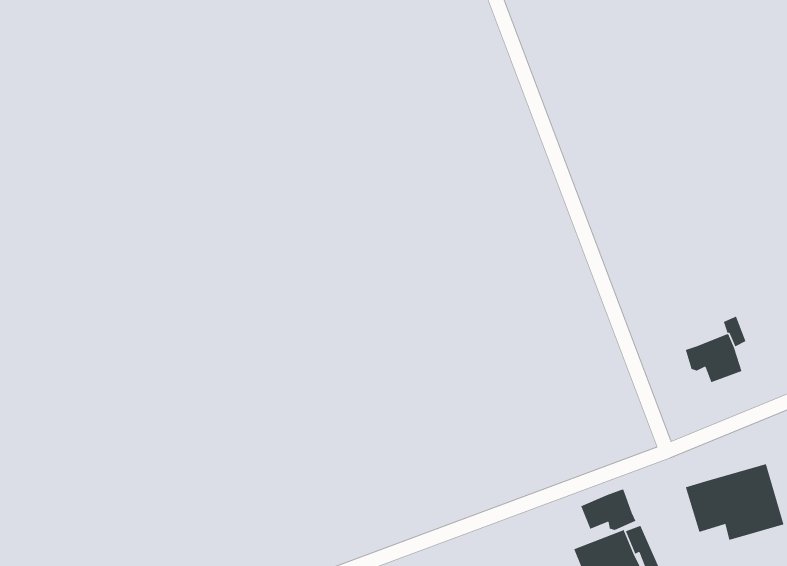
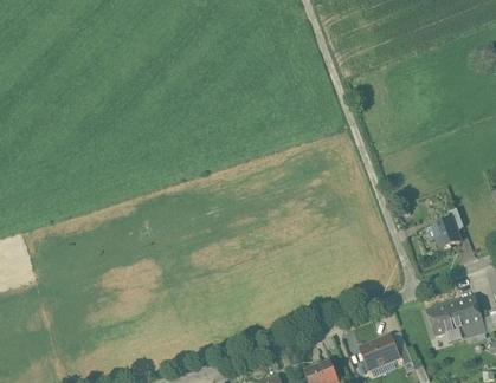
building: [580,488,637,531] -> none

